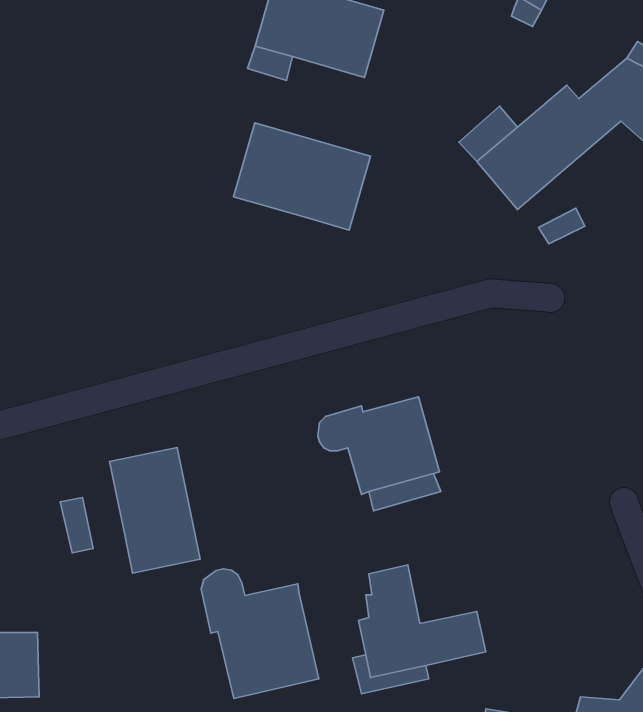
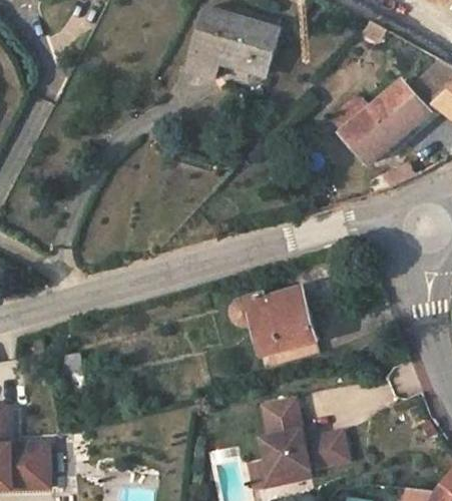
building: [234,123,370,230] -> none
building: [110,447,200,573] -> none
building: [201,569,319,699] -> none

